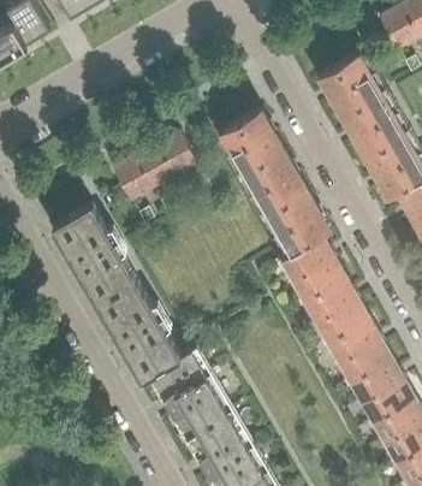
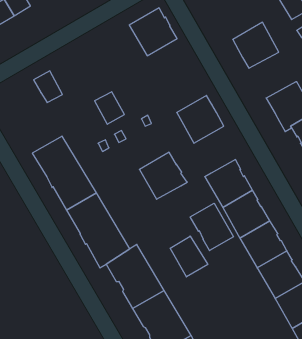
building: [338,90,400,152] -> none
building: [218,107,281,171] -> [129,8,177,56]
building: [155,130,195,173] -> none
building: [111,155,149,197] -> [34,71,62,103]
building: [265,189,328,251] -> [139,152,187,199]
building: none -> [190,203,233,251]
building: none -> [170,236,208,277]

